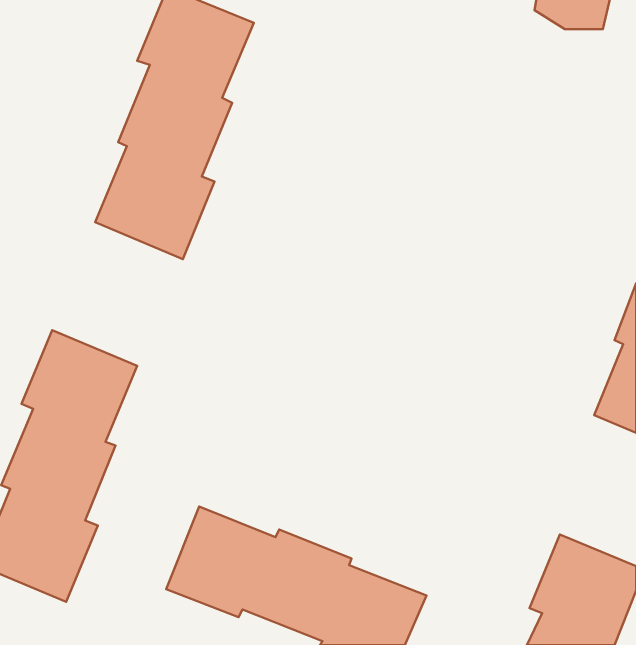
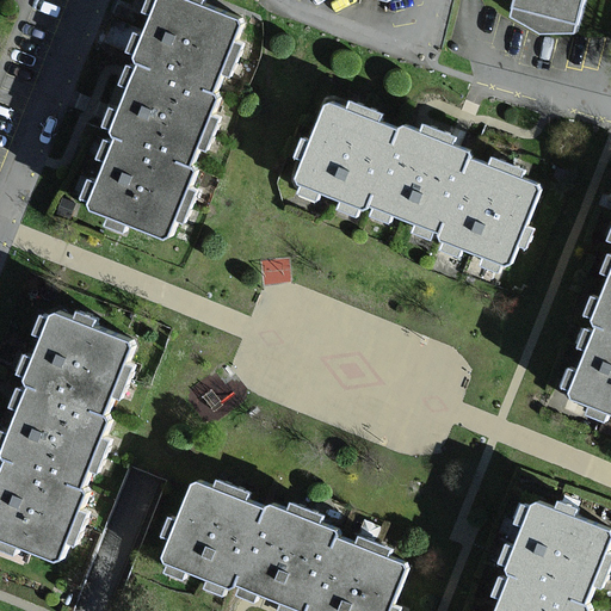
building: none -> [292,104,541,273]

